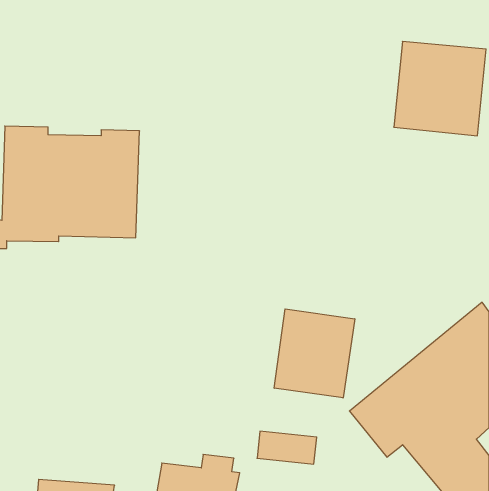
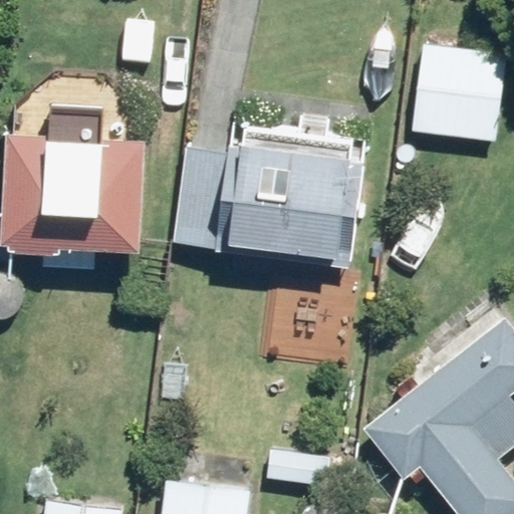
building: none -> [172,145,360,267]
building: [274,309,355,398] -> none

